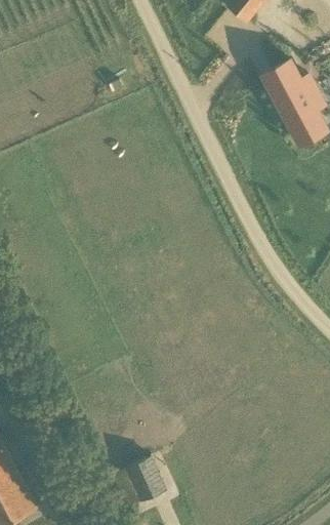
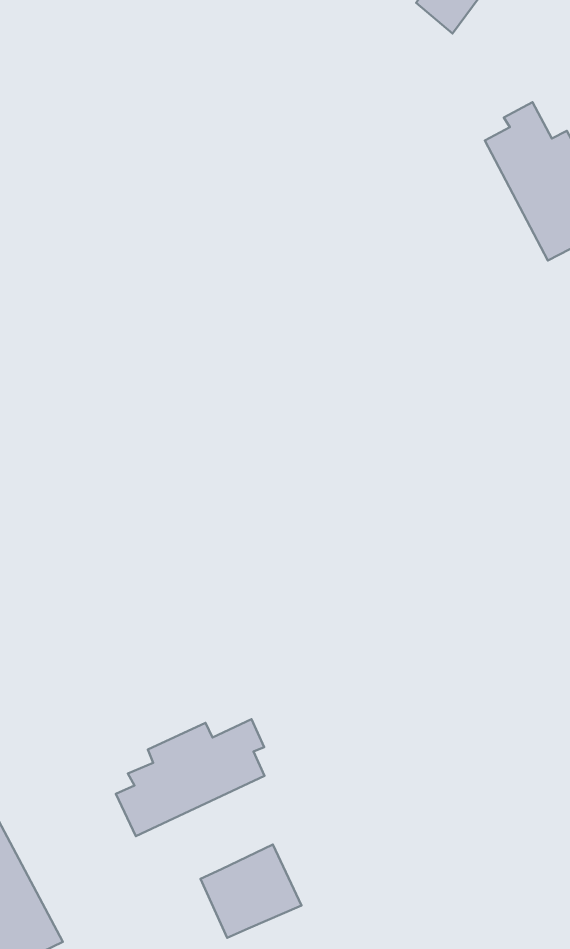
building: none -> [116,719,264,836]

